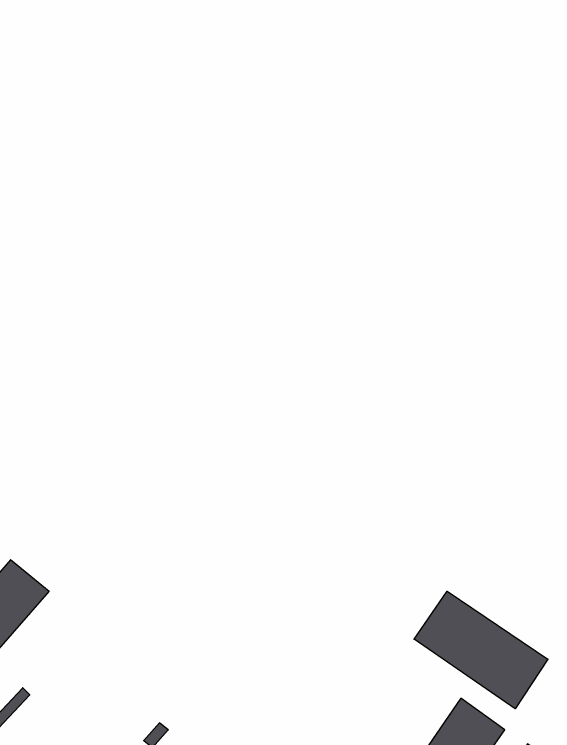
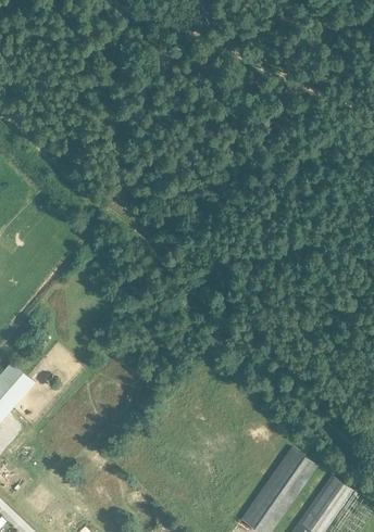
building: [414,591,548,709] -> none

